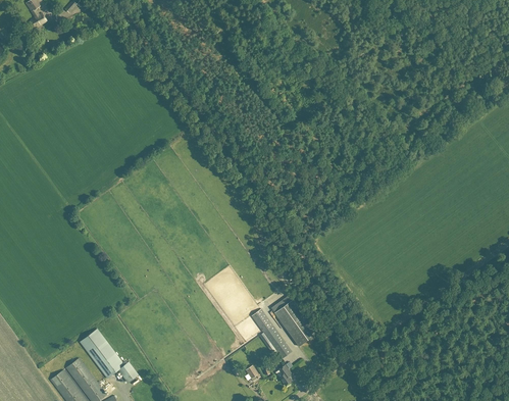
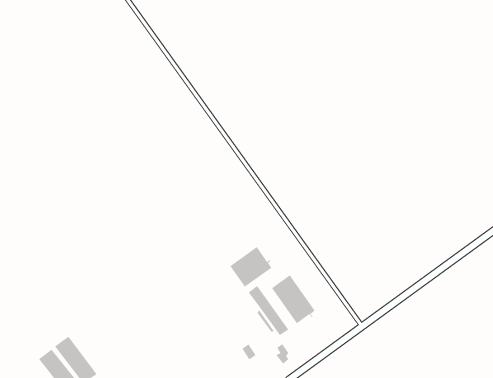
building: none -> [230,246,272,288]
building: [80,329,138,383] -> none

